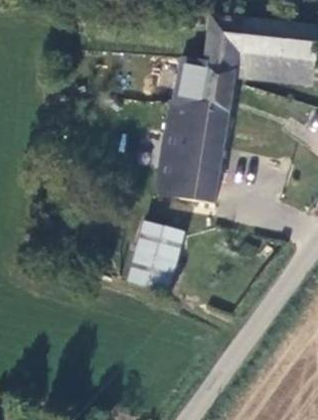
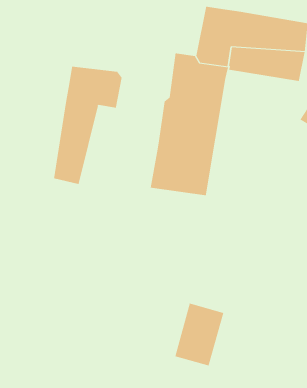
building: none -> [53,66,122,185]
building: [131,224,181,288] -> [174,303,224,366]

